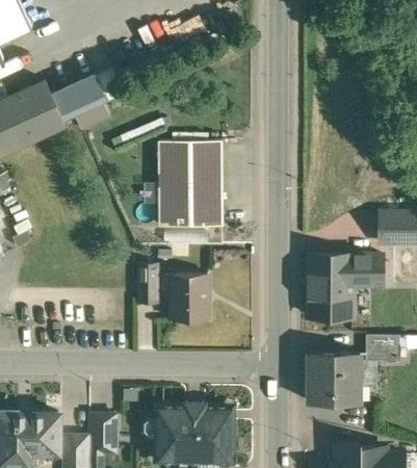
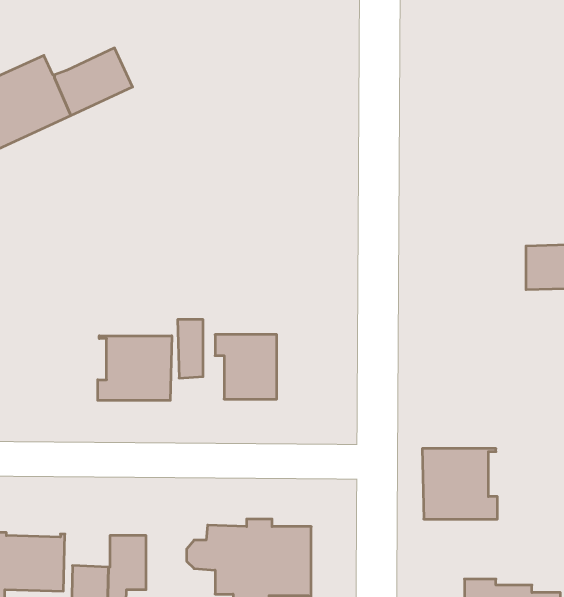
building: [159,141,224,227] -> none
building: [309,256,383,322] -> none
building: none -> [98,336,172,400]
building: [365,336,399,362] -> none

